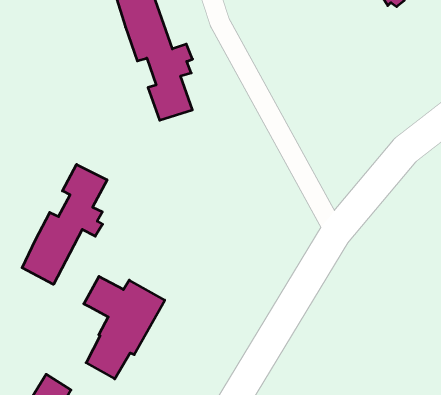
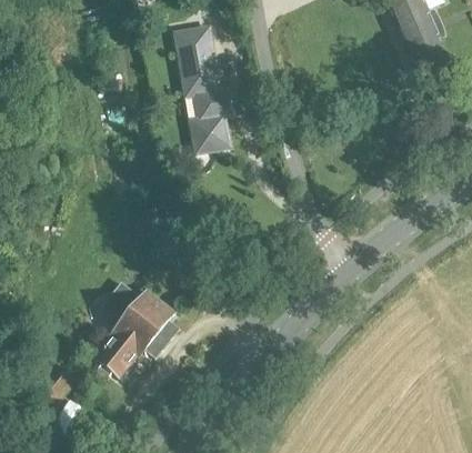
building: [22,164,107,284] -> none

